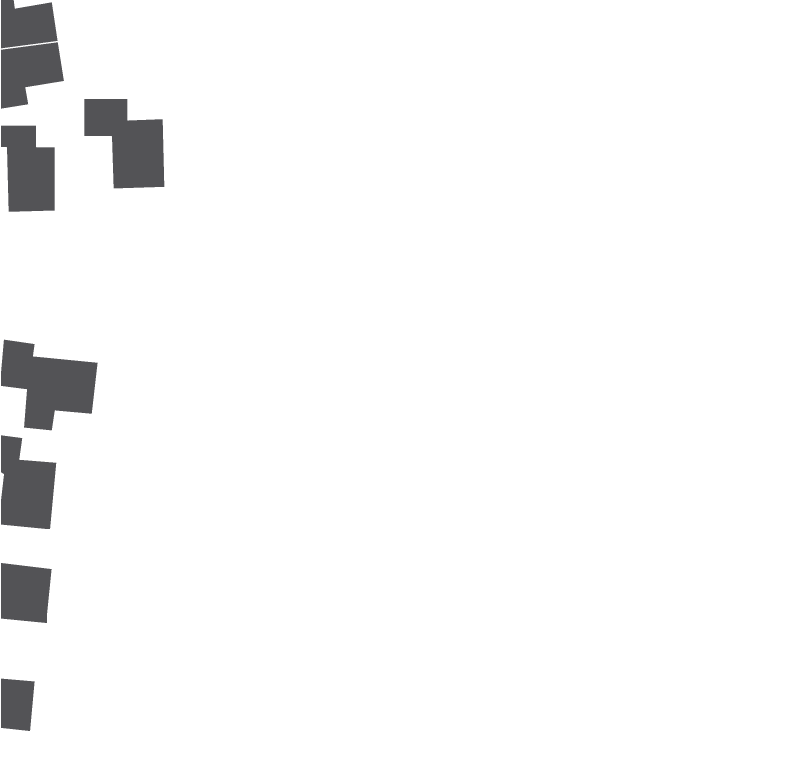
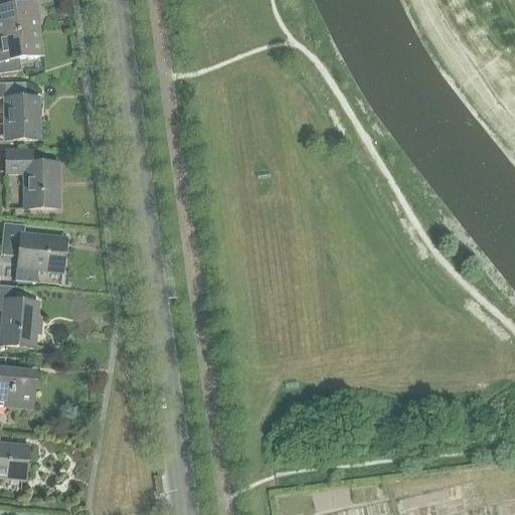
building: [83,98,165,189] -> [5,148,58,207]

